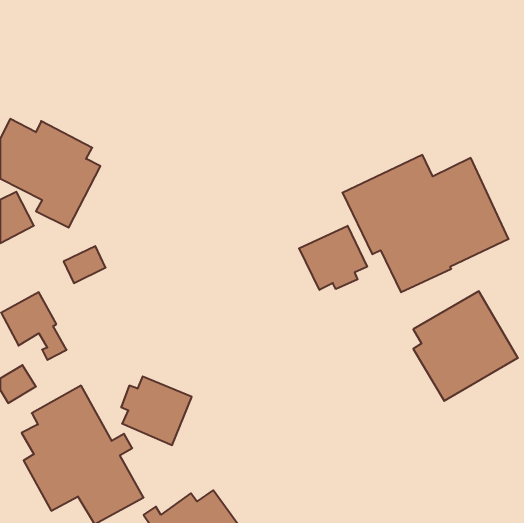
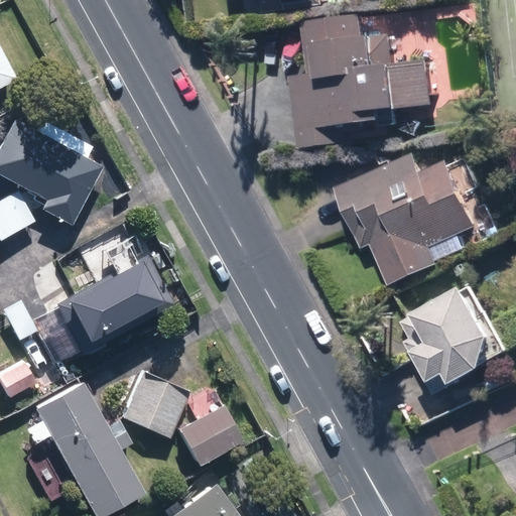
building: none -> [294,16,438,147]
building: [299,226,367,290] -> none
building: none -> [51,261,160,354]
building: none -> [176,405,241,466]

